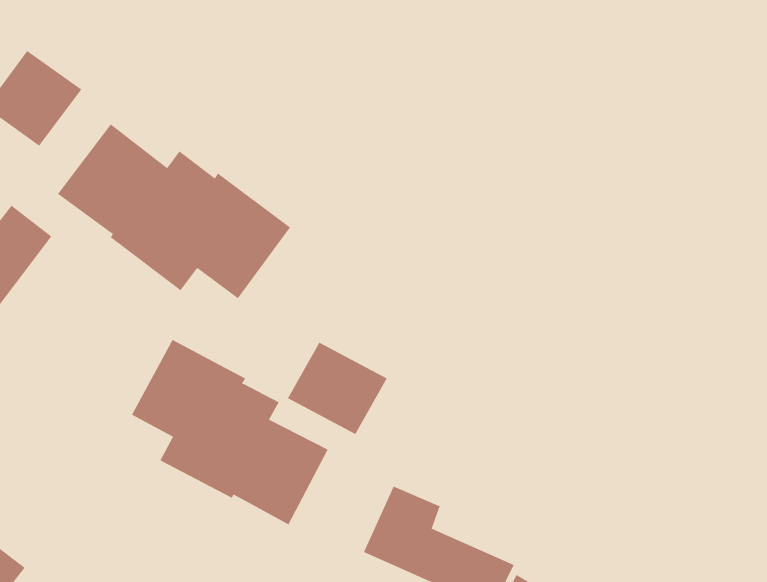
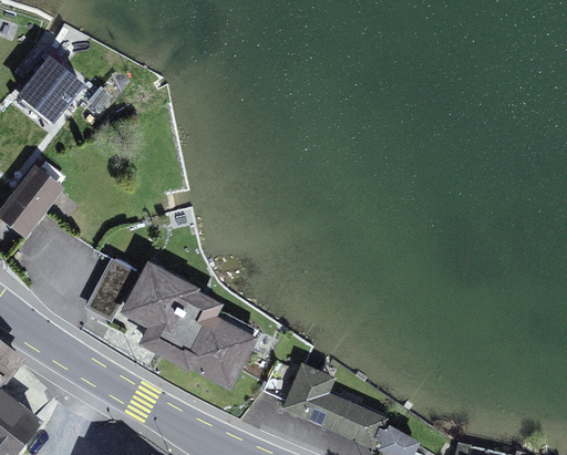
building: [57,124,291,299] -> none
building: [287,342,387,435] -> none

